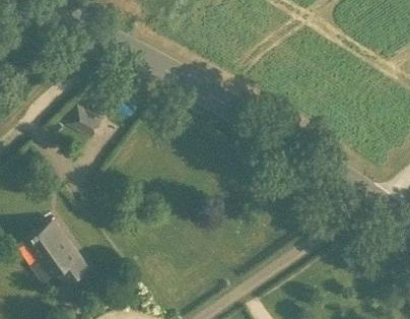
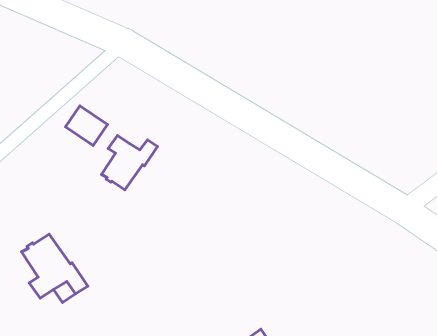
building: none -> [101,136,158,190]

